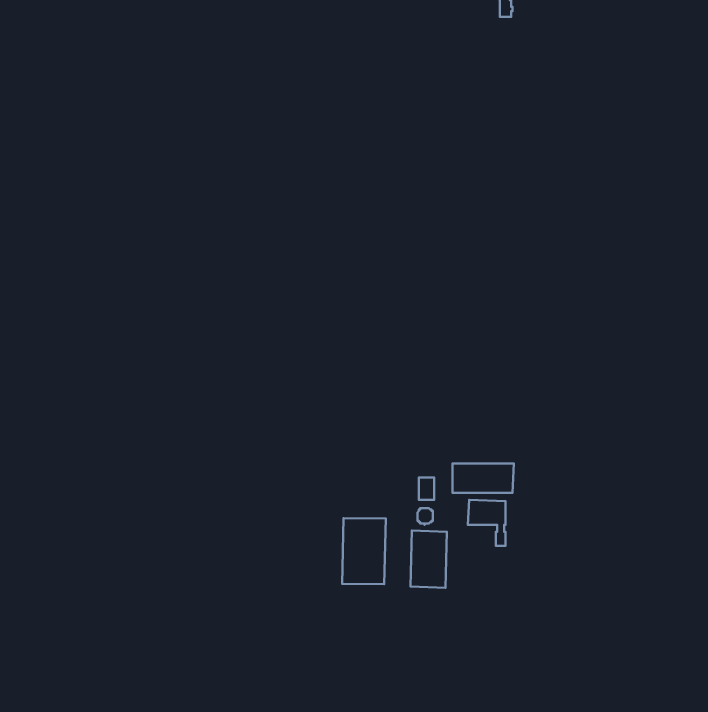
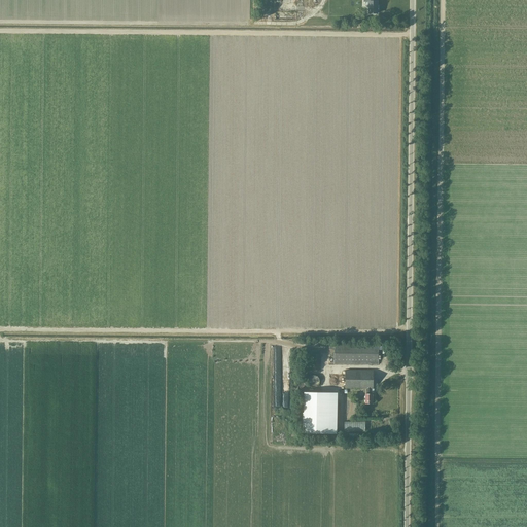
building: [342,518,386,584] -> none

